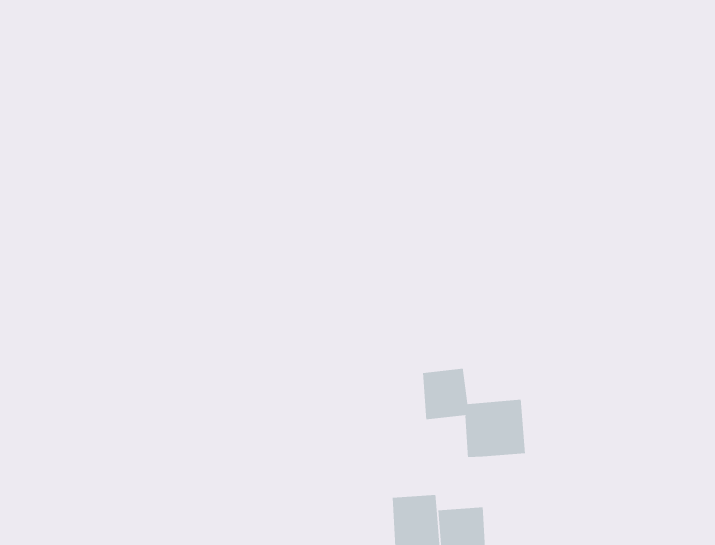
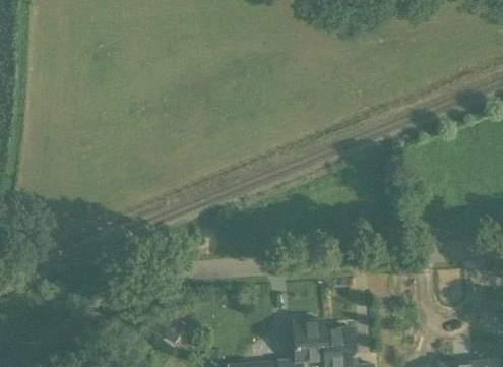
building: [423,368,525,458] -> none

